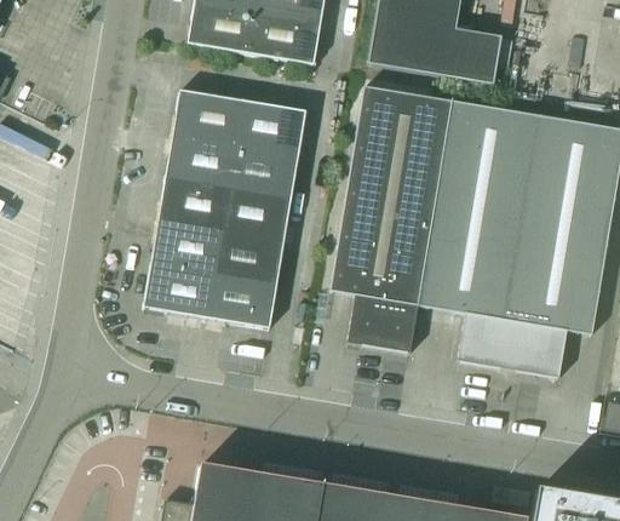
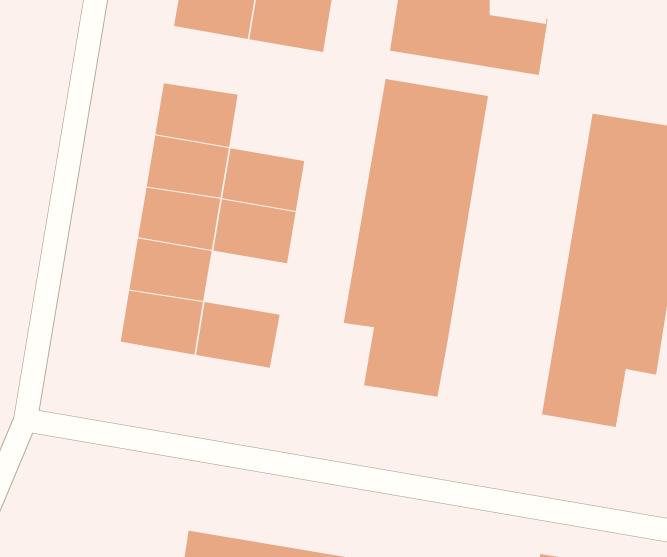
building: [236,99,306,155] -> none
building: [419,101,539,367] -> none
building: [214,230,285,284] -> none

